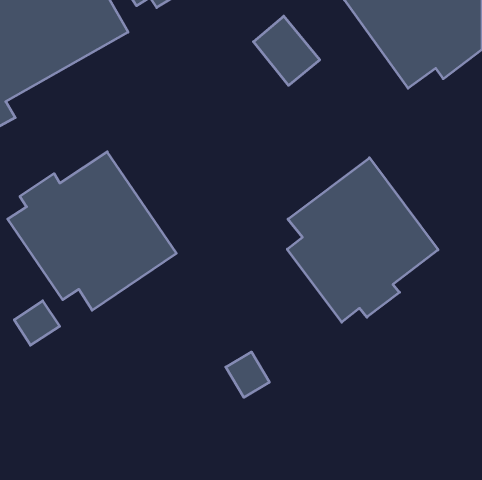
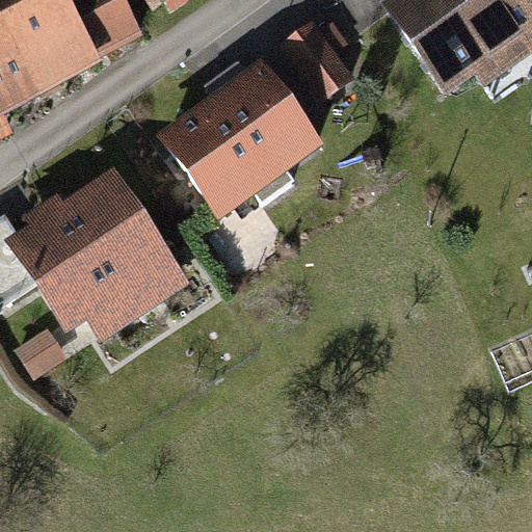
building: none -> [158,58,321,217]
building: [287,158,438,322] -> none

